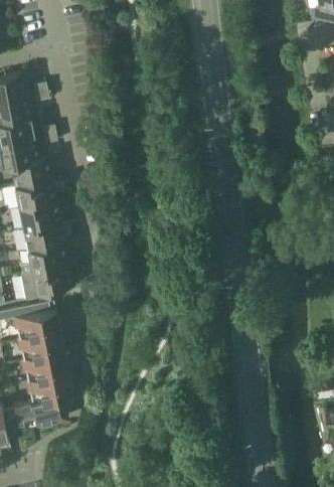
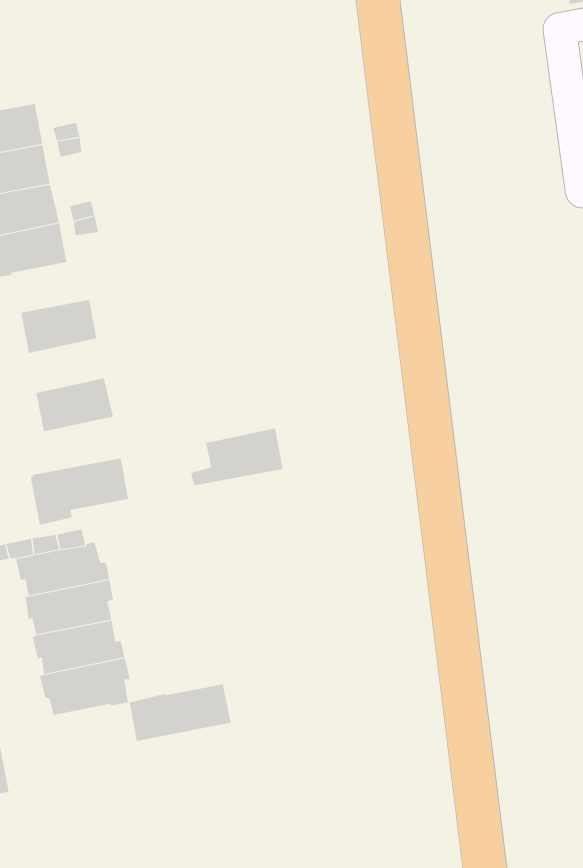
building: [10,154,52,183] -> none
building: [19,197,60,226] -> none
building: [19,239,69,271] -> [190,428,283,486]
building: [12,394,67,426] -> [129,684,231,742]

